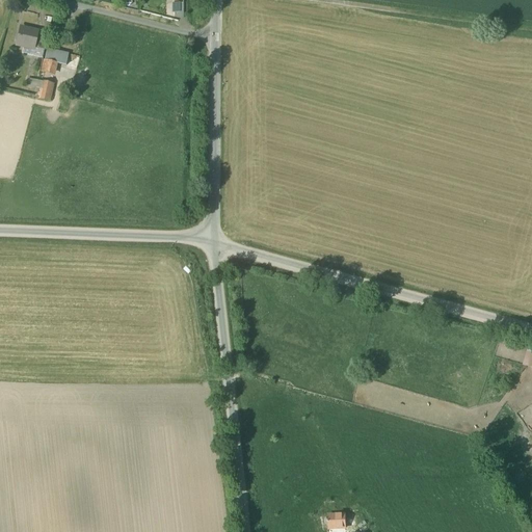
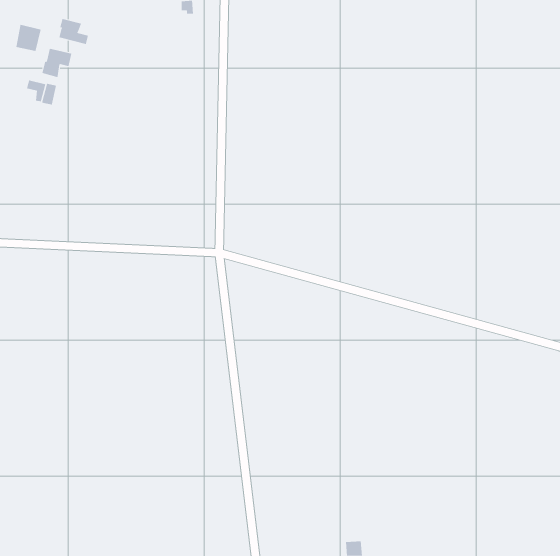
building: none -> [59,18,89,45]

